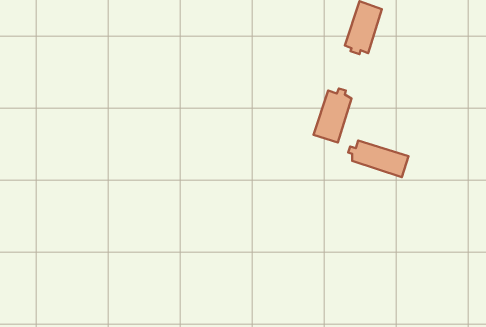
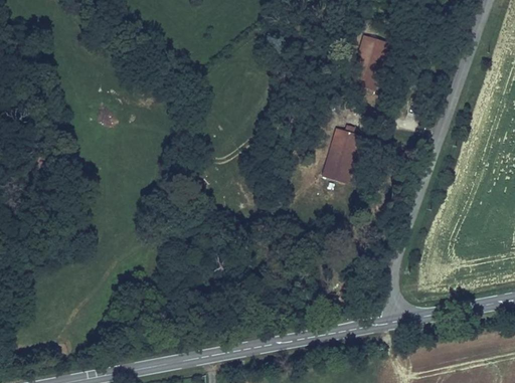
building: [348,140,409,177] -> none

